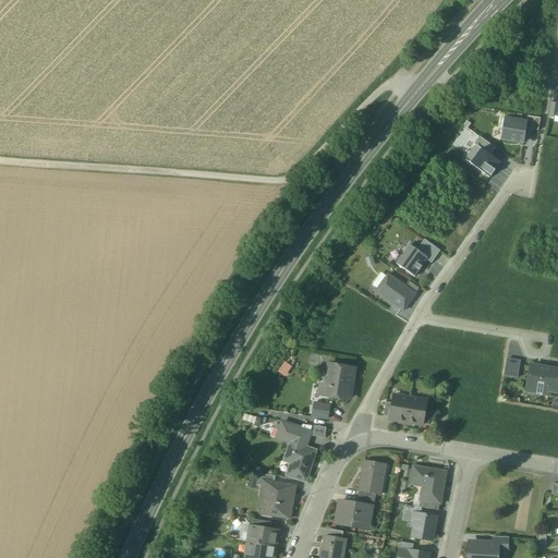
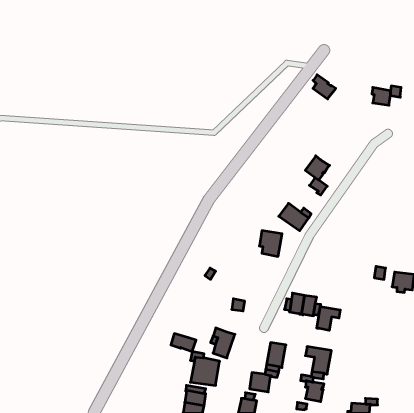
building: [470,144,500,177] -> [313,75,336,99]
building: [396,244,428,277] -> [305,156,330,180]
building: [325,364,355,399] -> [259,231,282,256]
building: none -> [317,306,340,330]
building: [277,423,311,447] -> [171,334,196,351]

